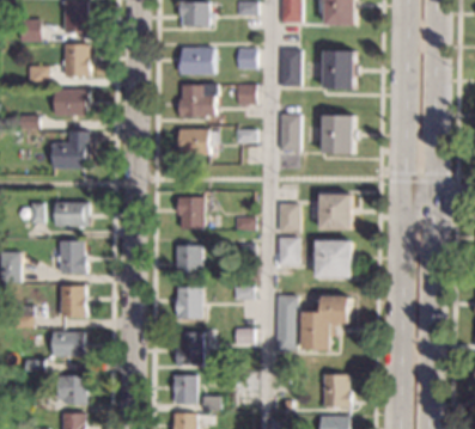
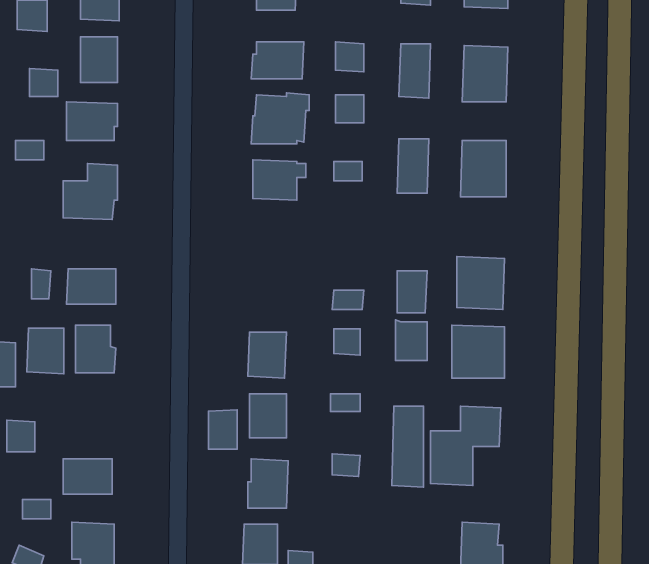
building: [178,196,206,228] -> none
building: [60,286,85,317] -> [27,328,64,374]
building: none -> [208,410,237,449]

